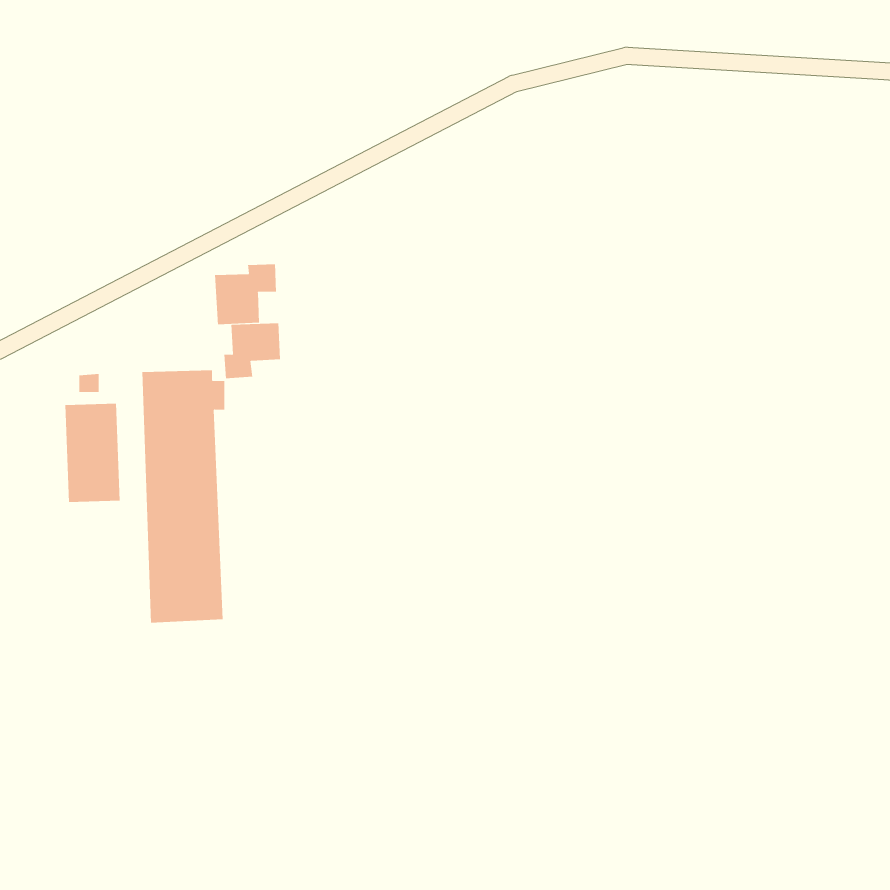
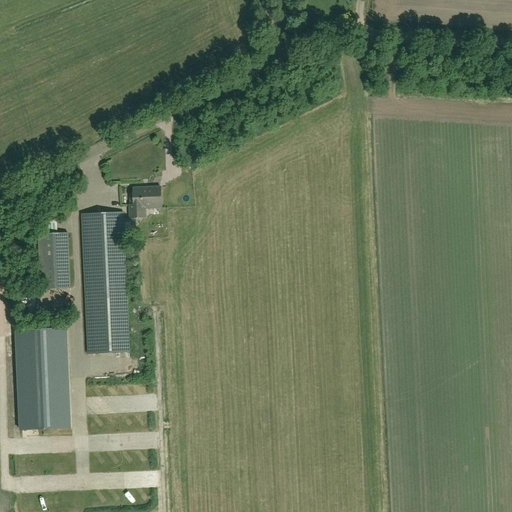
building: [214,264,276,325] -> none
building: none -> [15,328,70,429]

